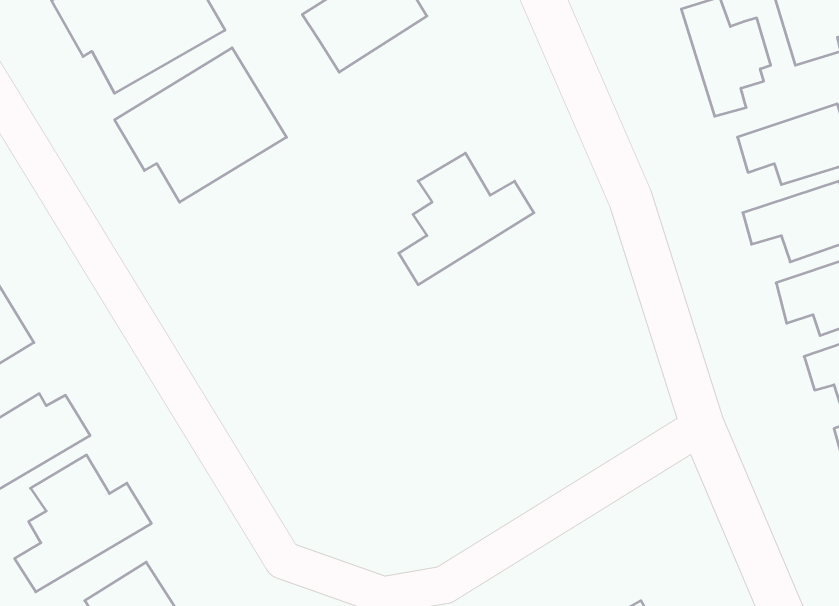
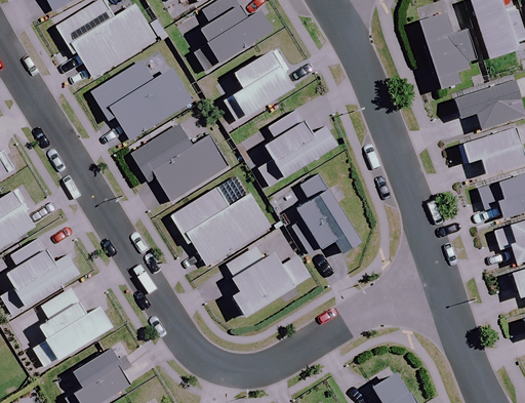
building: none -> [224,48,293,123]
building: none -> [133,126,230,202]
building: none -> [171,188,271,267]
building: none -> [294,190,360,255]
building: none -> [226,246,311,317]

